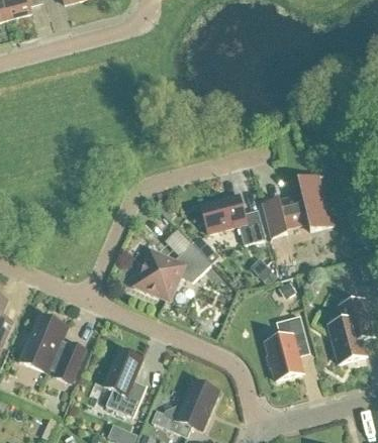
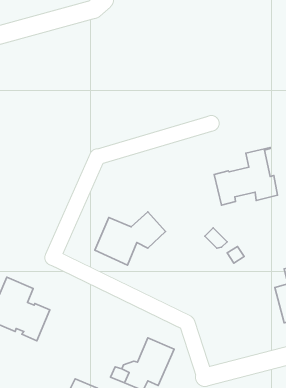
building: [201,195,266,244] -> none
building: [266,316,308,380] -> none
building: [103,346,147,417] -> none

